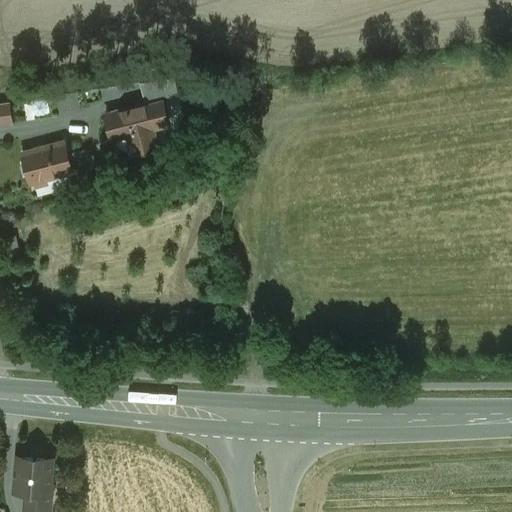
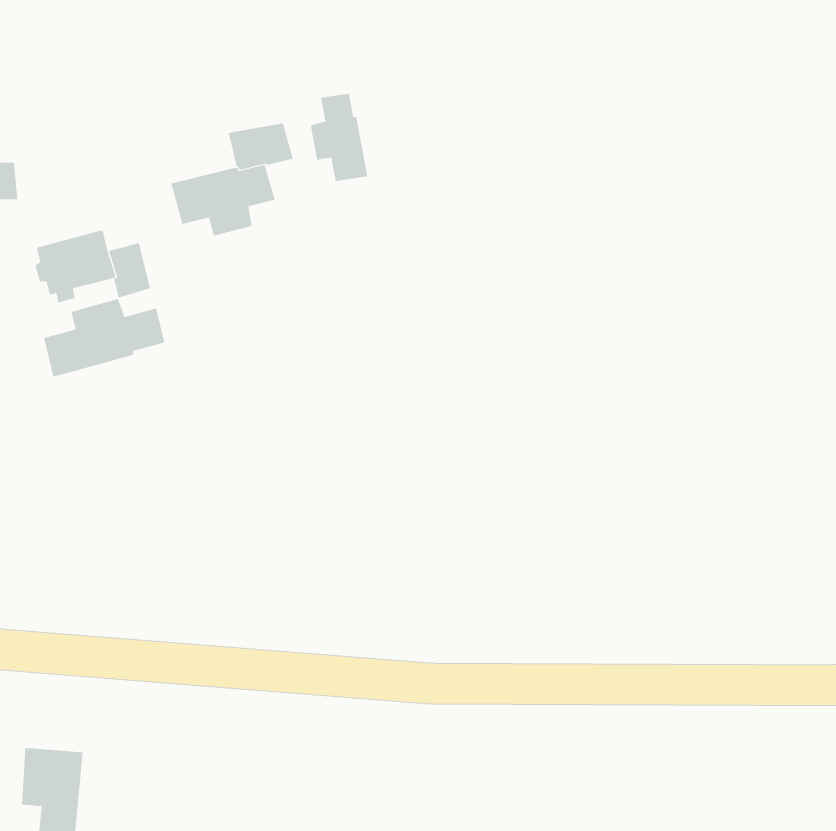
building: none -> [310,92,368,182]
building: none -> [44,298,165,378]

